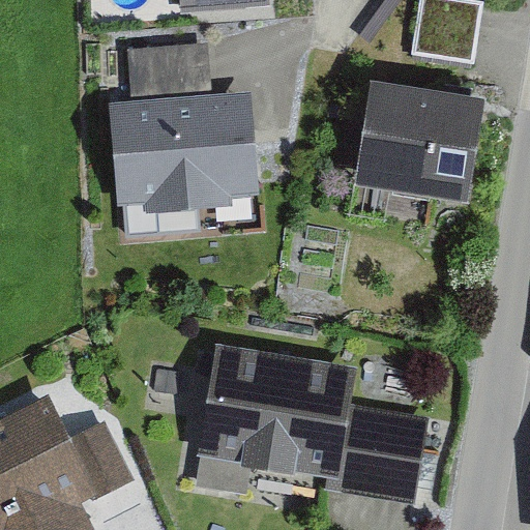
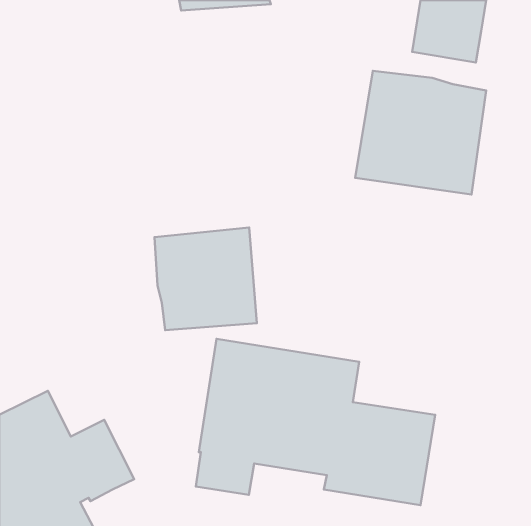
building: [108,45,259,214] -> none
building: none -> [155,227,257,330]

